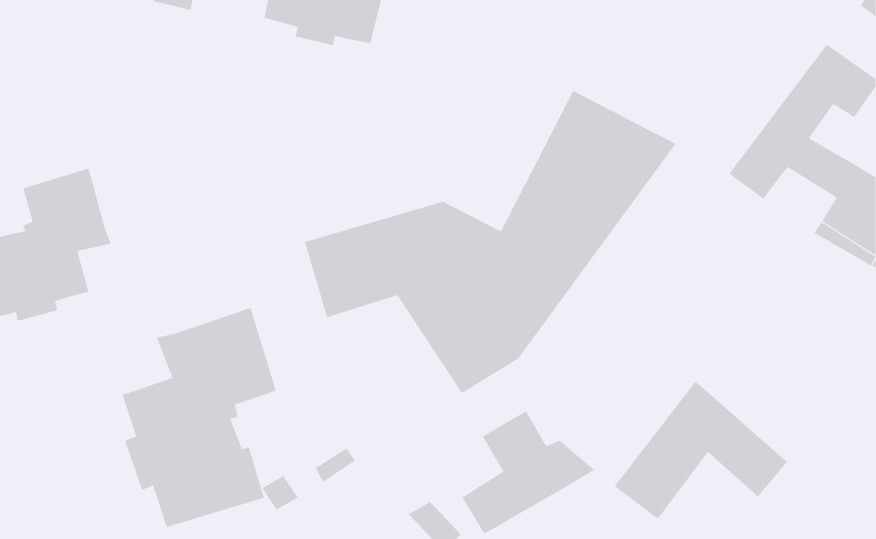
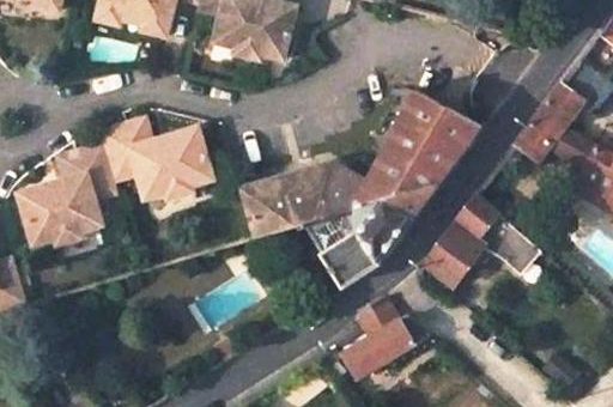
building: none -> [97,114,212,196]
building: [122,307,277,528] -> none
building: [614,381,788,520] -> [423,195,535,285]

